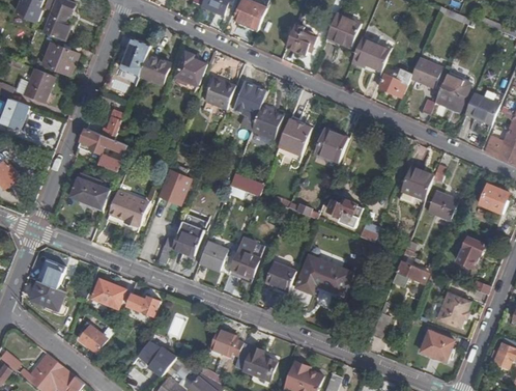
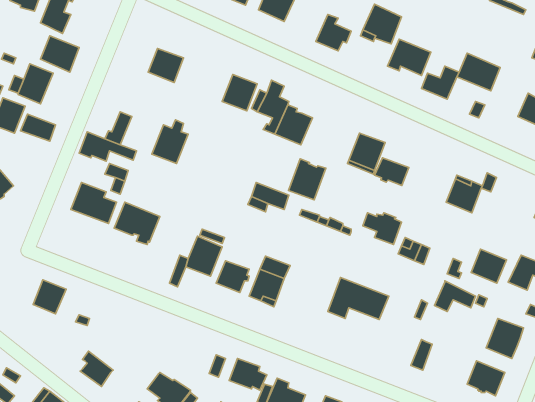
building: [119,38,149,75] -> none
building: [174,51,205,84] -> none
building: [437,74,471,111] -> none
building: [278,118,311,155] -> [288,159,326,200]
building: none -> [375,158,409,185]
building: [157,165,190,203] -> [152,120,188,163]
building: [426,190,457,220] -> [471,249,506,283]
building: [265,262,295,295] -> none
building: [91,278,125,308] -> none
building: [29,280,64,306] -> none
building: [125,281,160,315] -> none

